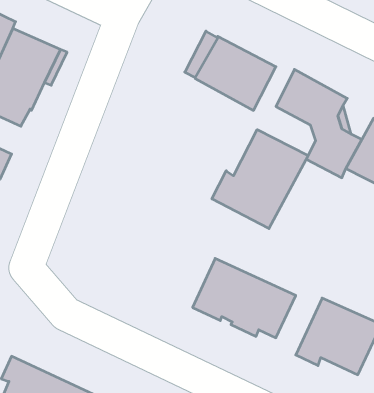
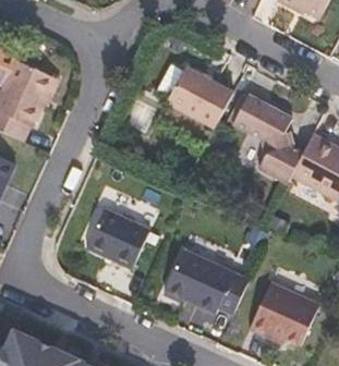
building: [212,130,308,229] -> none
building: none -> [86,207,149,268]

